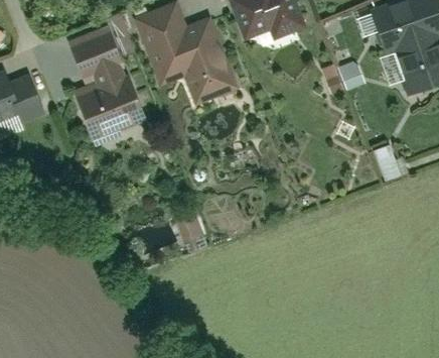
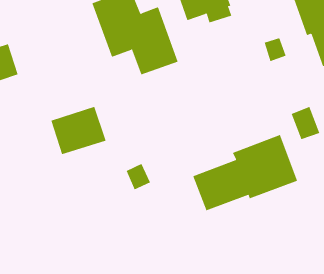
building: [69,29,122,81] -> none
building: [79,78,146,136] -> [50,106,107,155]
building: none -> [193,134,298,211]

